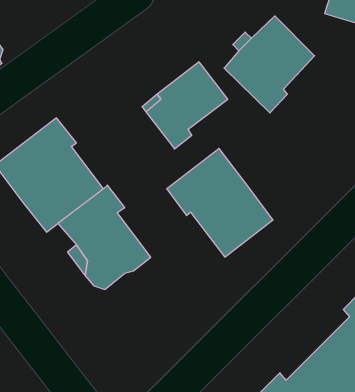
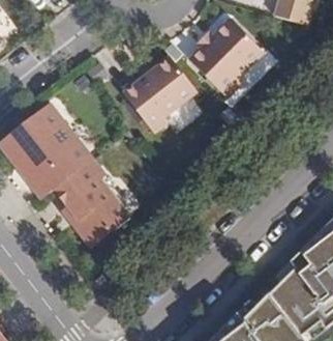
building: [167,148,273,257] -> none

